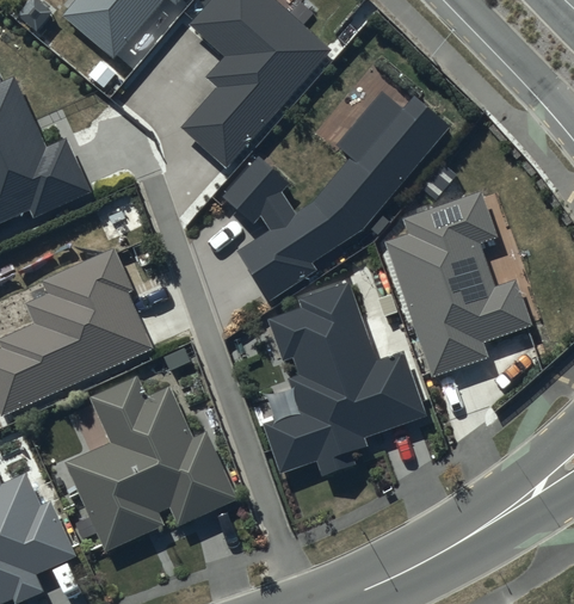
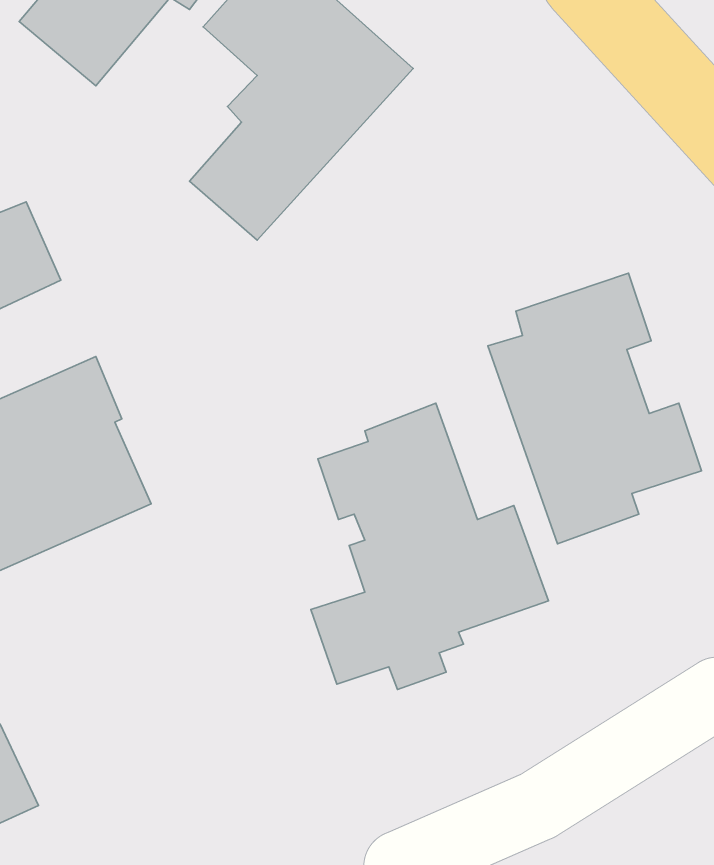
building: [223,90,450,300] -> none
building: [64,374,237,550] -> none

